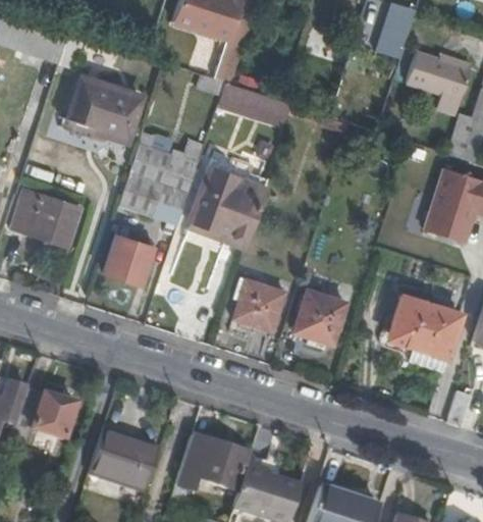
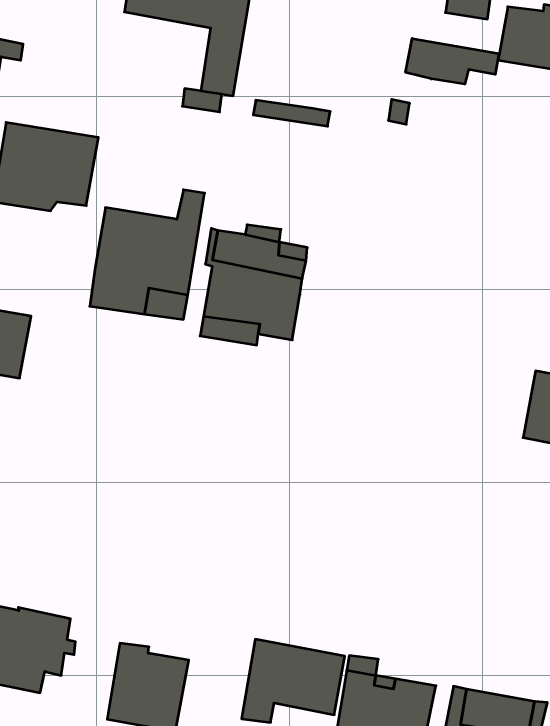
building: none -> [406,38,499,84]
building: [104,227,155,283] -> none
building: [234,276,286,329] -> none
building: [296,290,346,343] -> none

